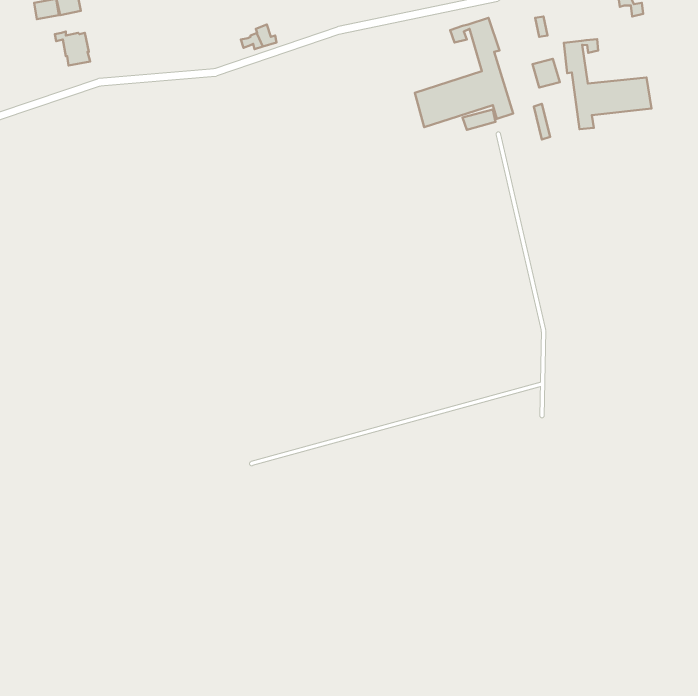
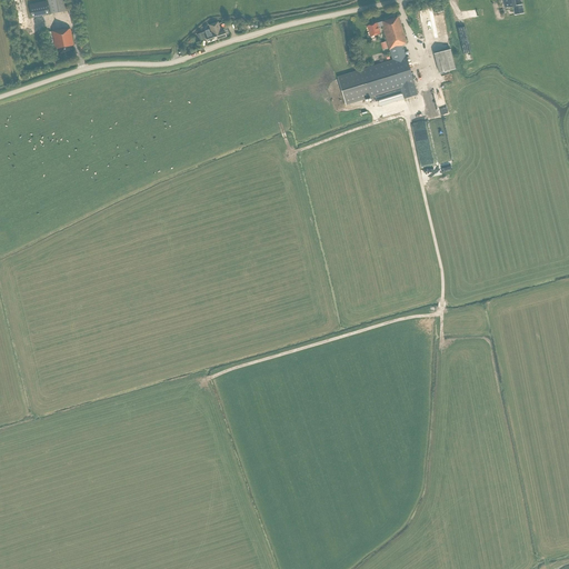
building: [564,39,651,129] -> none

